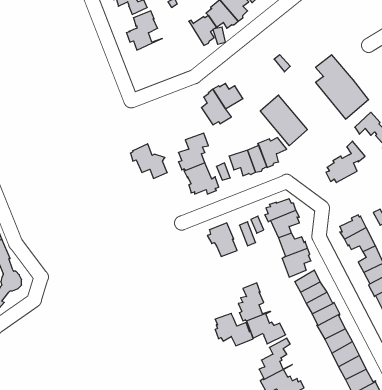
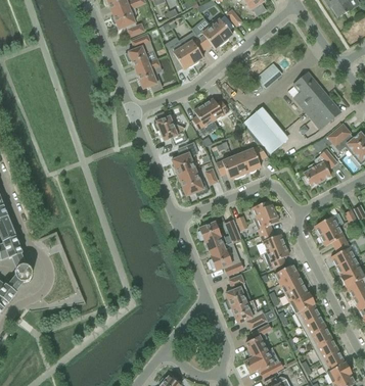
building: none -> [169,43,194,70]
building: none -> [135,58,163,92]
building: [130,144,167,178] -> [154,115,187,146]
building: [215,313,253,346] -> [210,246,243,275]

